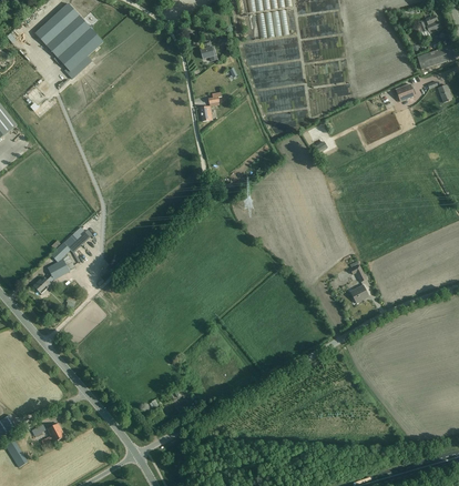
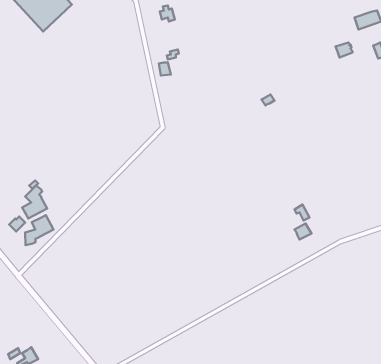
building: none -> [25,215,53,245]

